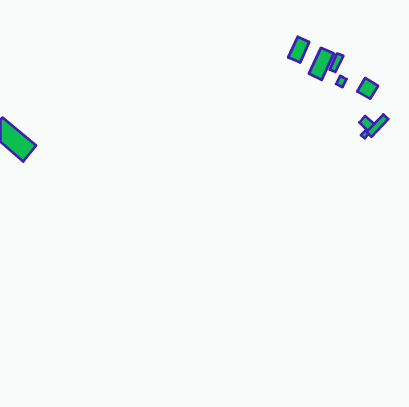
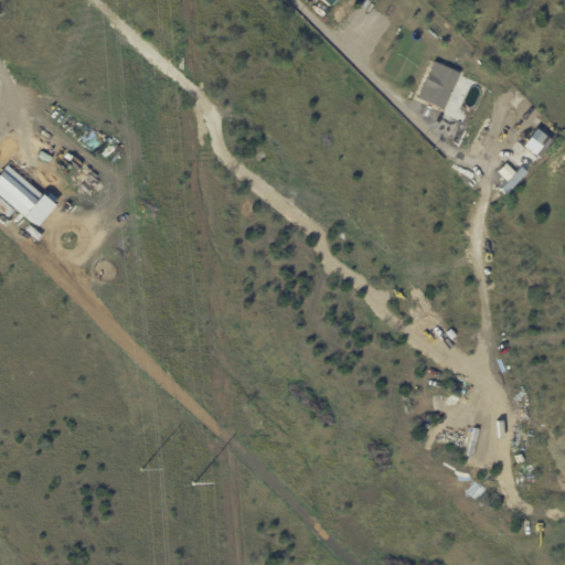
building: [288,37,309,63] -> none
building: [357,78,378,99] -> [522,126,551,154]

